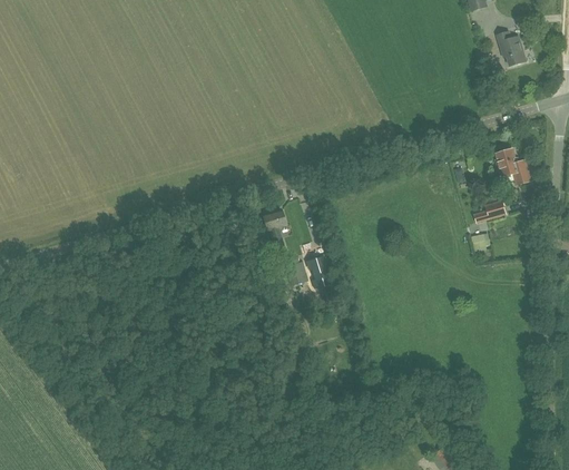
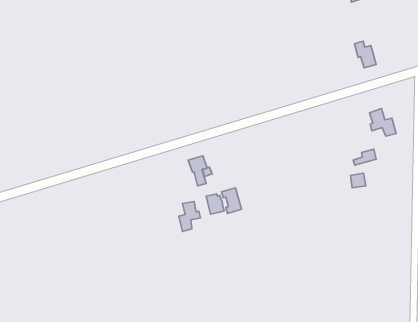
building: [497,30,524,65] -> [355,41,376,68]
building: none -> [179,201,201,231]

